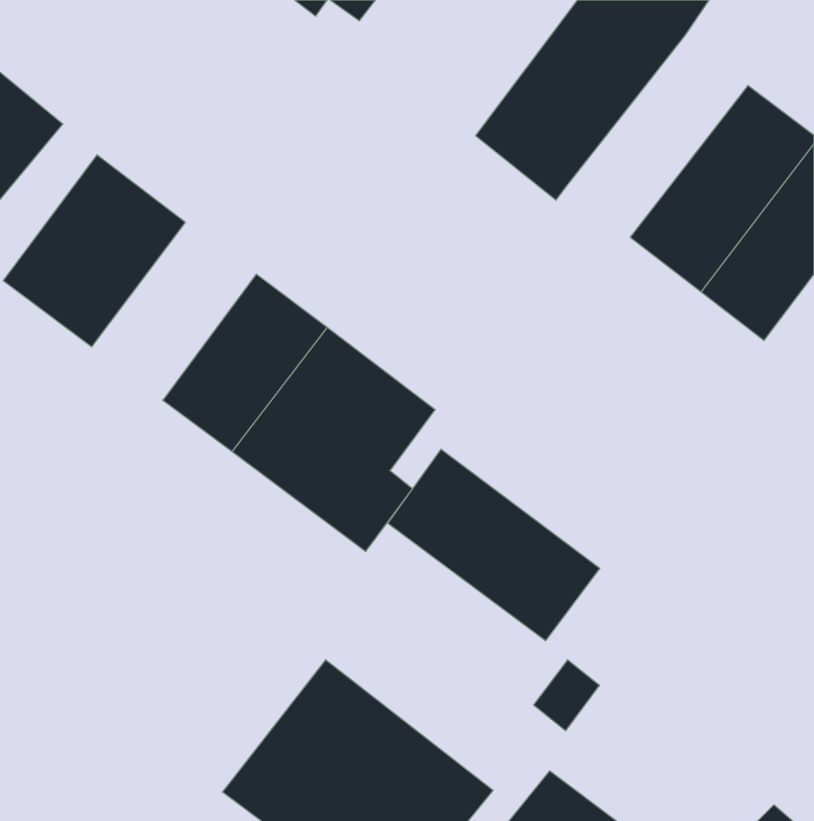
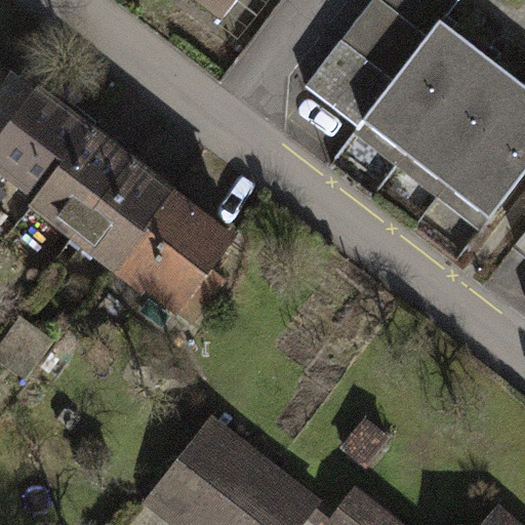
building: none -> [360,25,476,153]
building: none -> [58,144,163,256]
building: [388,449,600,641] -> none

